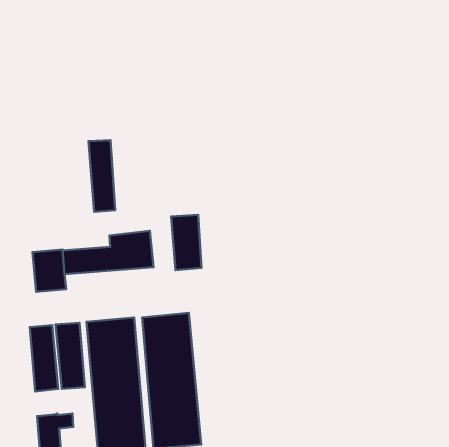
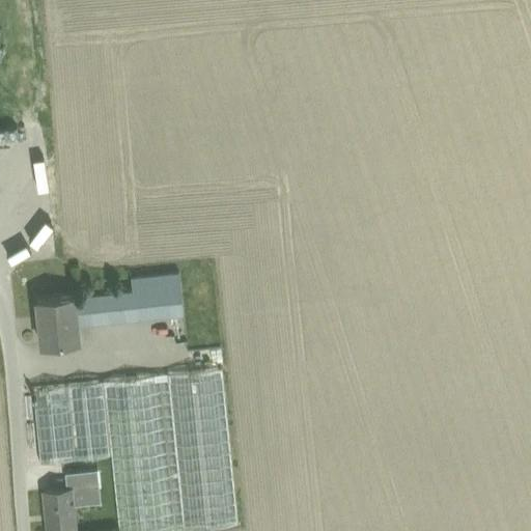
building: [88,140,115,212] -> none
building: [171,215,201,270] -> none
building: none -> [63,472,96,493]

